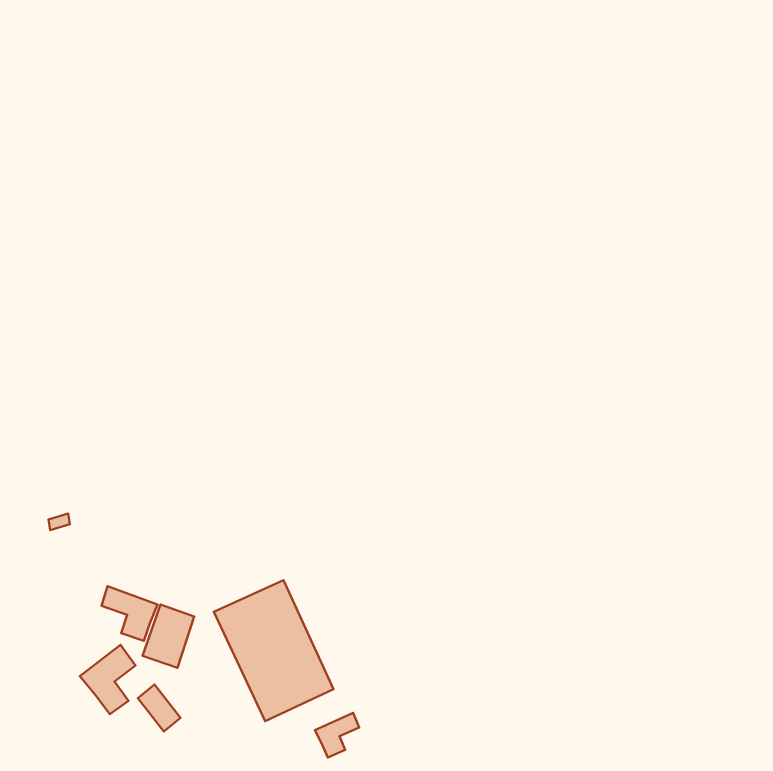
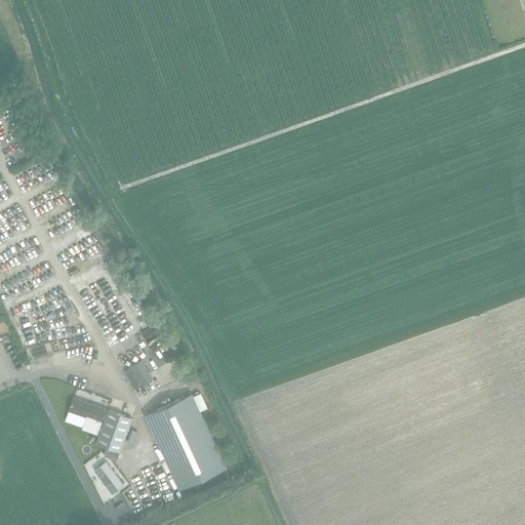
building: [80,645,136,714] -> none
building: [315,713,359,757] -> none

